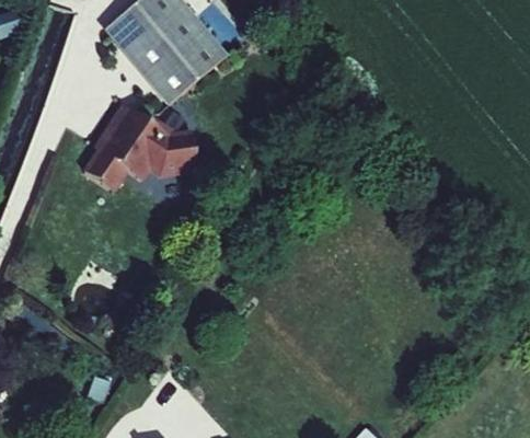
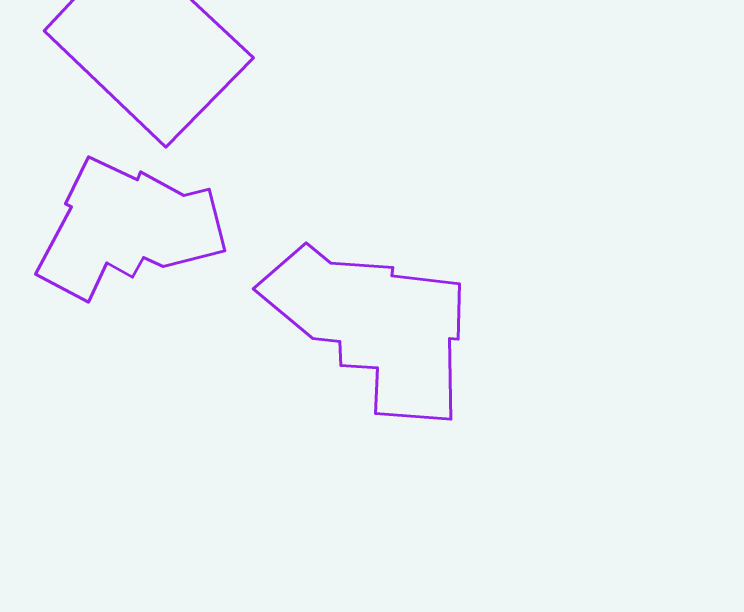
building: none -> [253,243,460,419]

